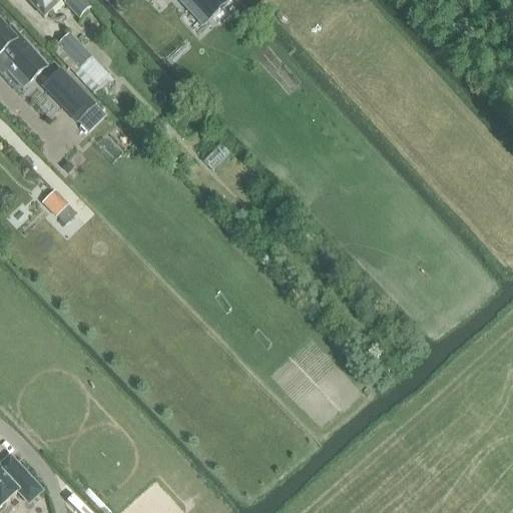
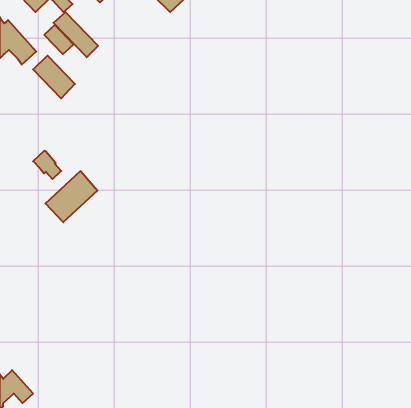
building: none -> [53,12,98,57]
building: none -> [45,171,97,222]

